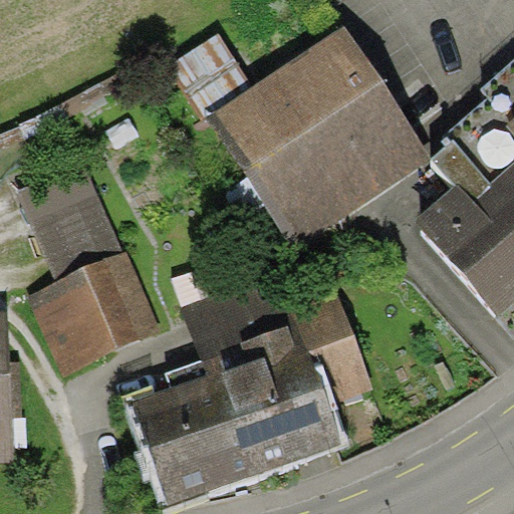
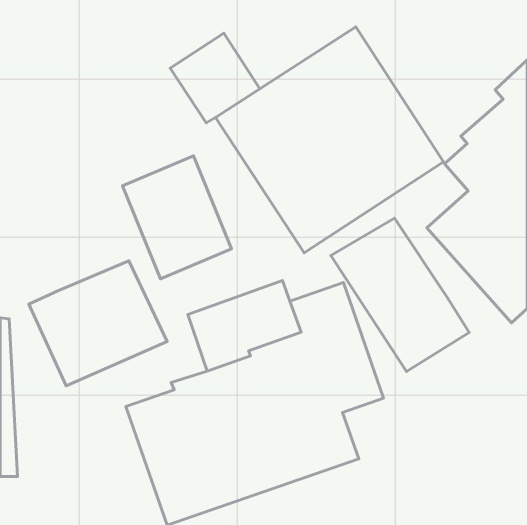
building: [19,166,125,285] -> [122,156,232,279]
building: none -> [331,218,469,371]

